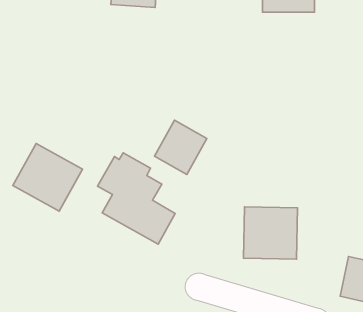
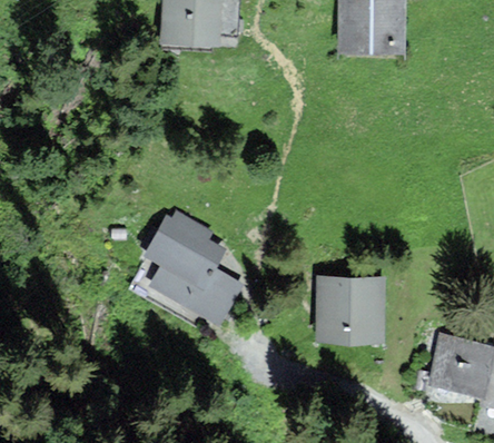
building: [154,120,207,174] -> none
building: [13,143,82,211] -> none

